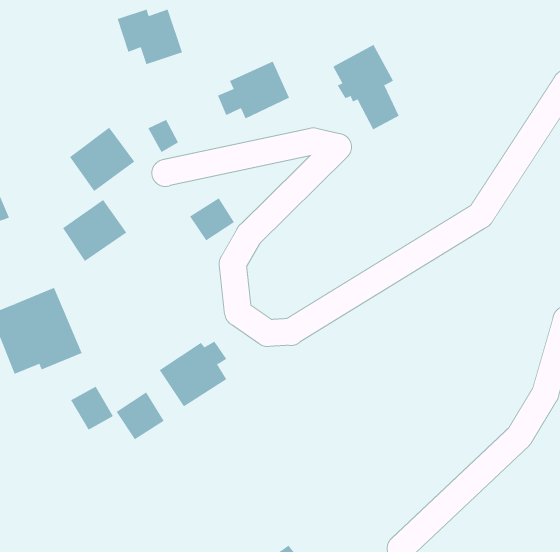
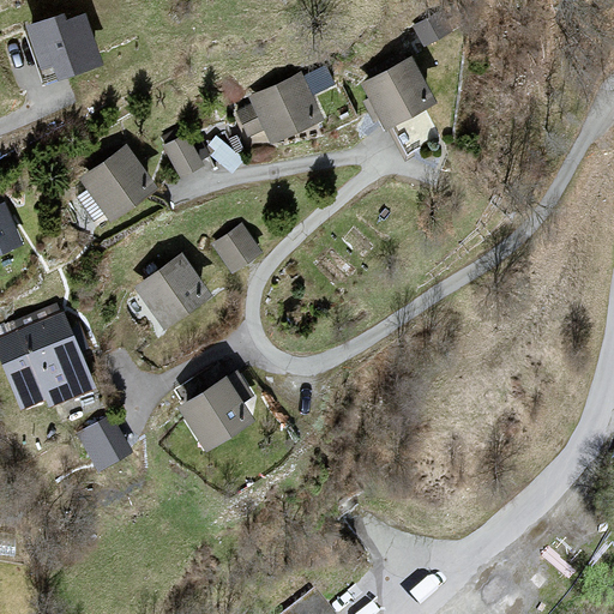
building: [117,9,183,65] -> [30,20,101,80]
building: [62,199,127,262] -> [136,254,205,321]
building: [116,391,164,440] -> none

